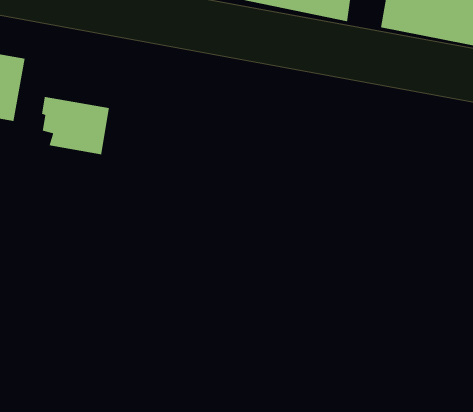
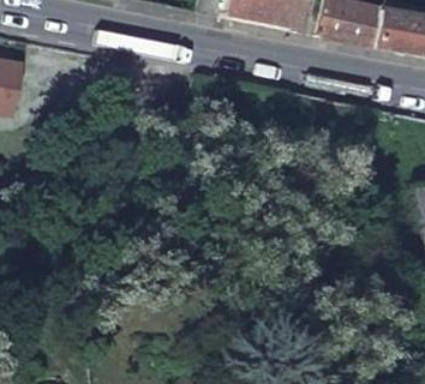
building: [41,96,110,155] -> none

